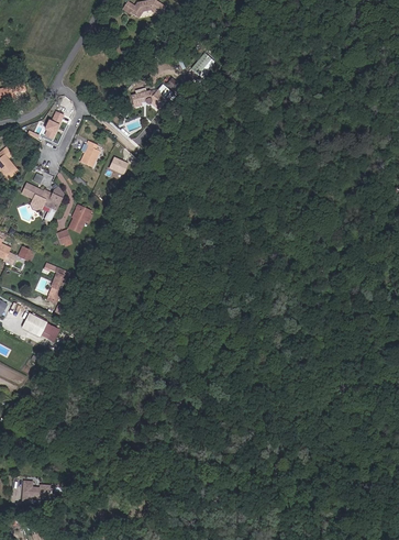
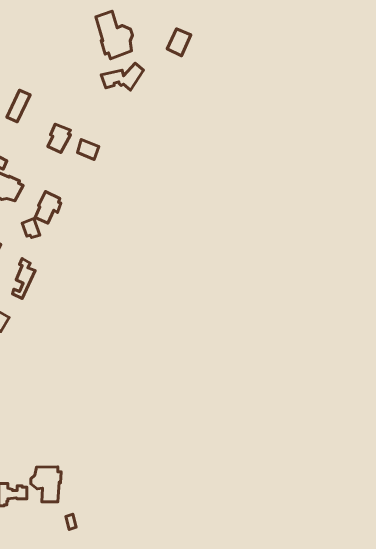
building: none -> [96,11,133,59]
building: none -> [31,467,61,502]

